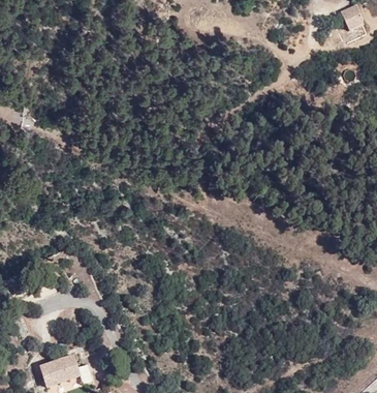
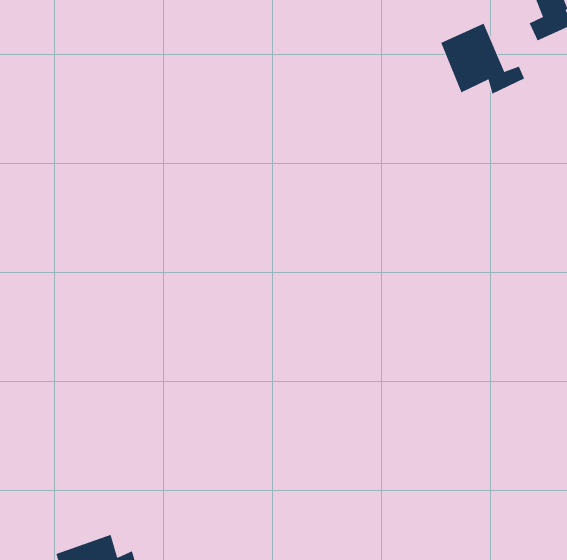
building: none -> [441,23,525,95]

